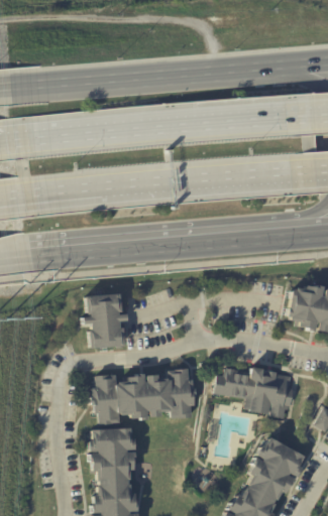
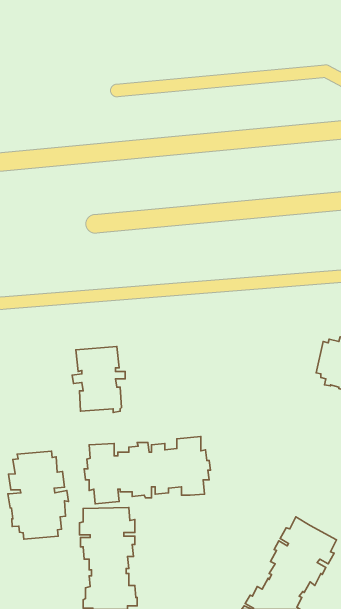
building: [216,367,296,418] -> none
building: none -> [8,451,68,539]

